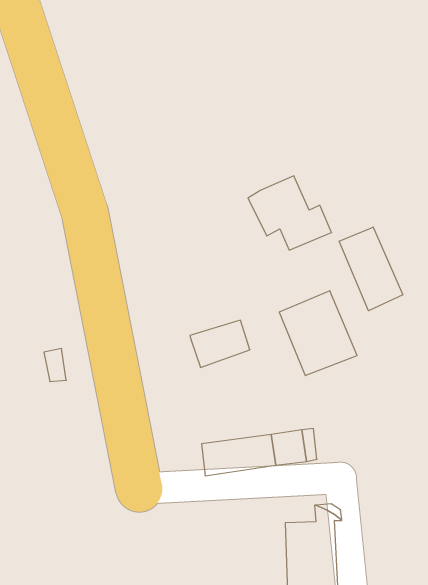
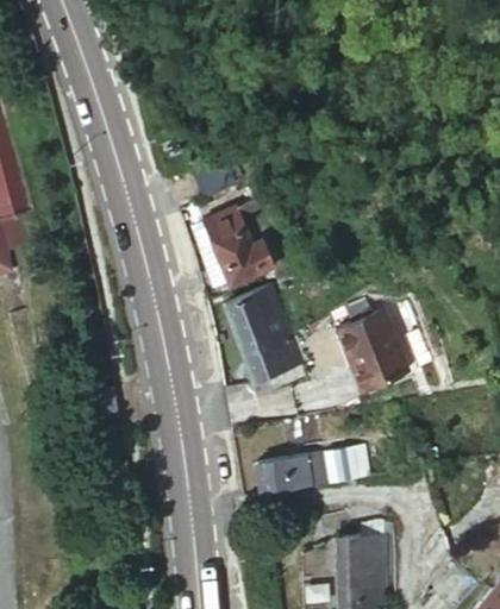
building: [248,176,332,250] -> [188,208,273,283]
building: [339,227,403,311] -> none
building: none -> [223,288,292,353]

